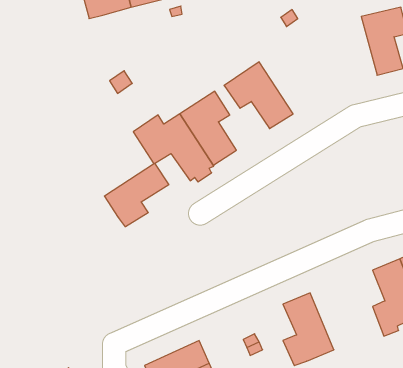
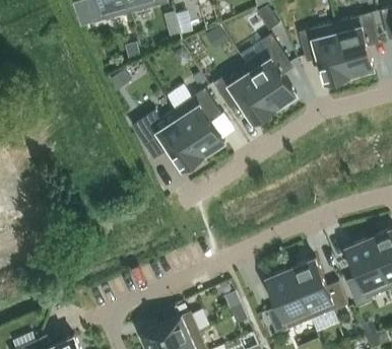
building: none -> [298,22,349,83]
building: none -> [240,34,296,110]
building: [104,163,169,227] -> none
building: none -> [289,260,346,321]

